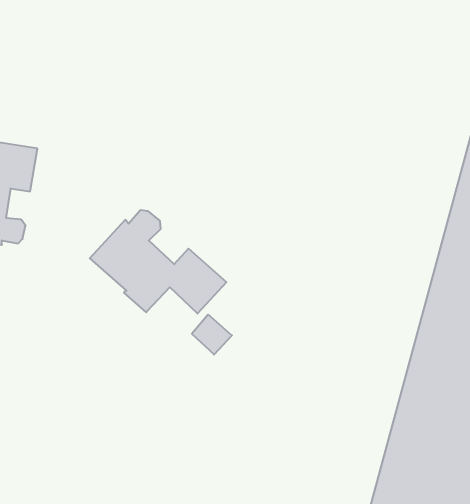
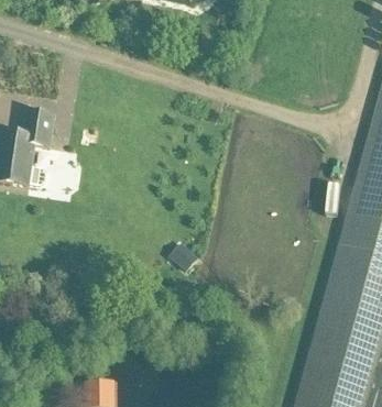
building: [90,210,226,314] -> none

